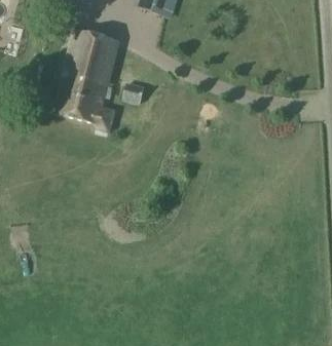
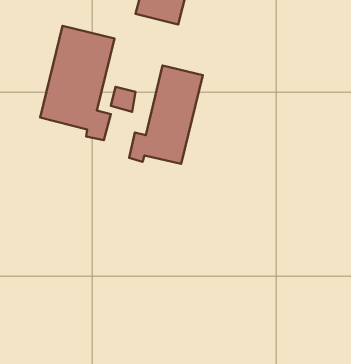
building: none -> [129,66,203,164]

